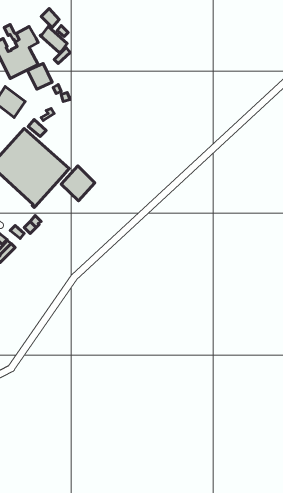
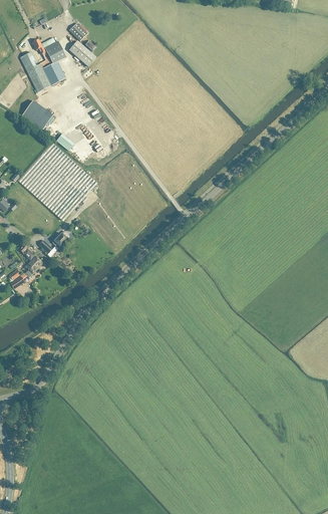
building: [28,63,52,89] -> none
building: [61,166,95,201] -> none

